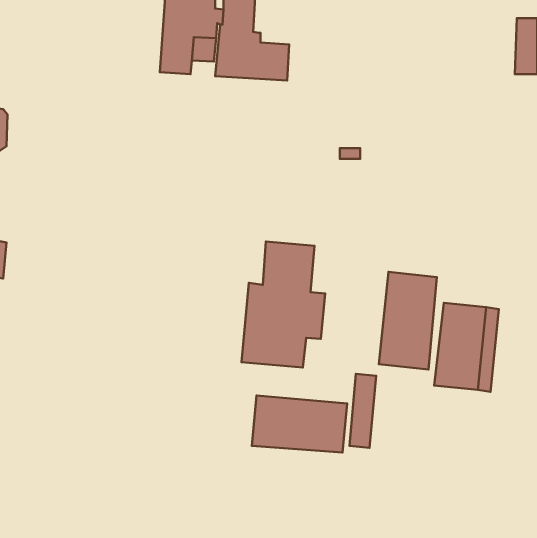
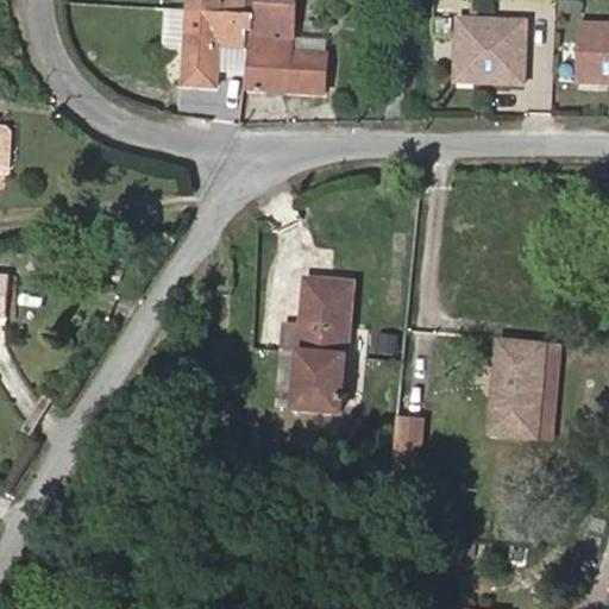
building: none -> [453,14,530,86]
building: [379,272,437,369] -> none
building: [252,396,347,453] -> none

